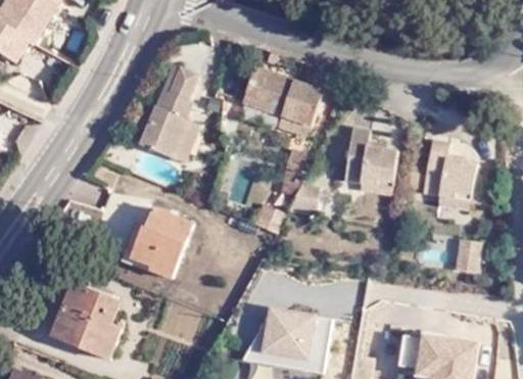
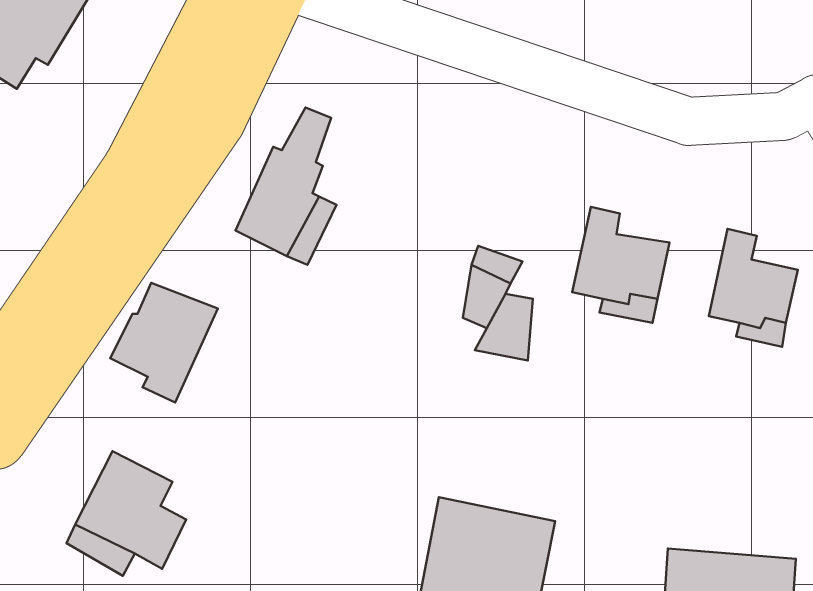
building: [241,67,320,133] -> none
building: [129,205,193,277] -> [110,283,218,403]
building: [451,238,482,273] -> none

